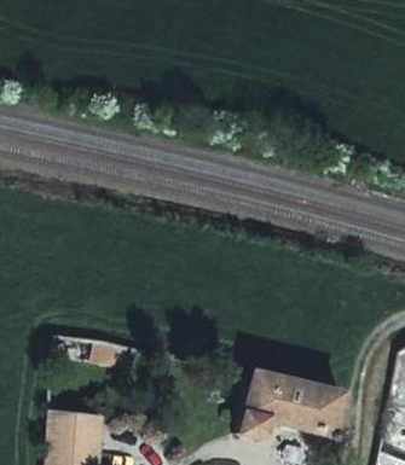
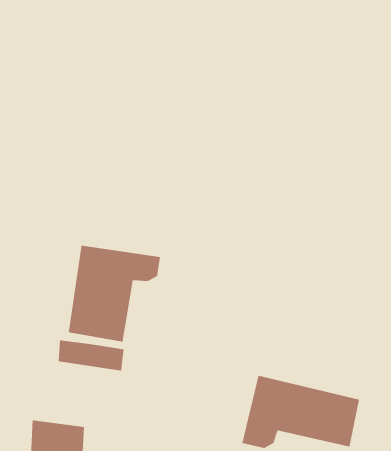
building: none -> [68,245,160,343]

